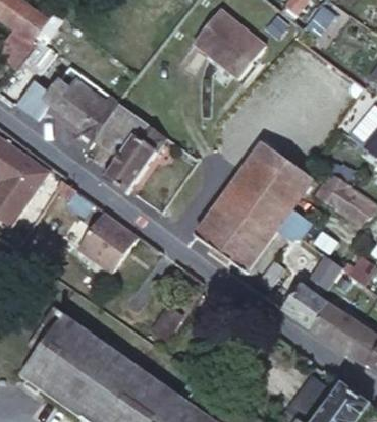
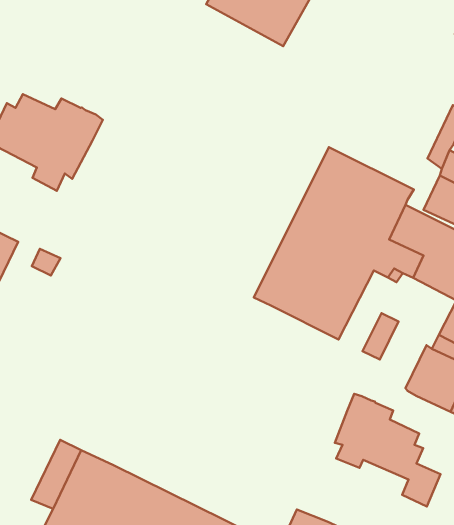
building: [90,104,164,193] -> none
building: [75,210,137,273] -> none
building: none -> [335,394,440,506]

